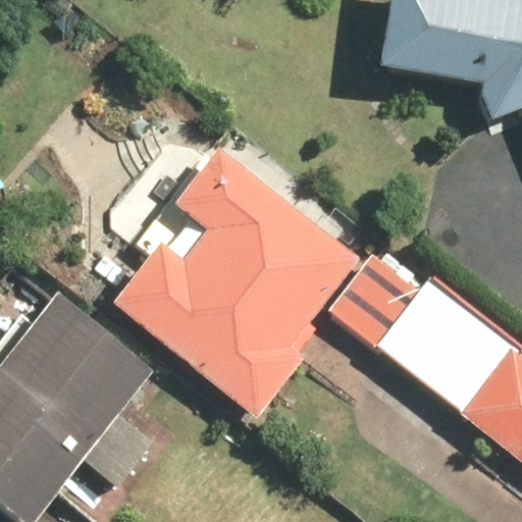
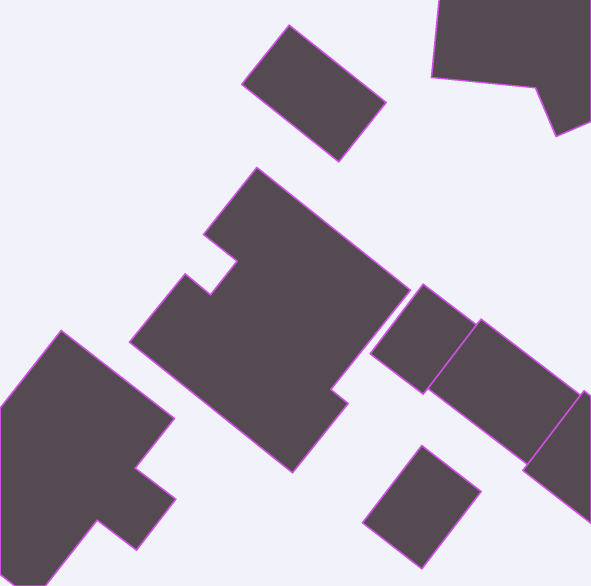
building: none -> [242,25,386,162]
building: none -> [362,446,481,569]

